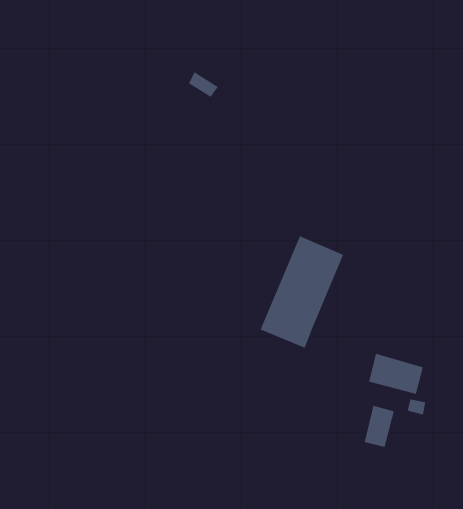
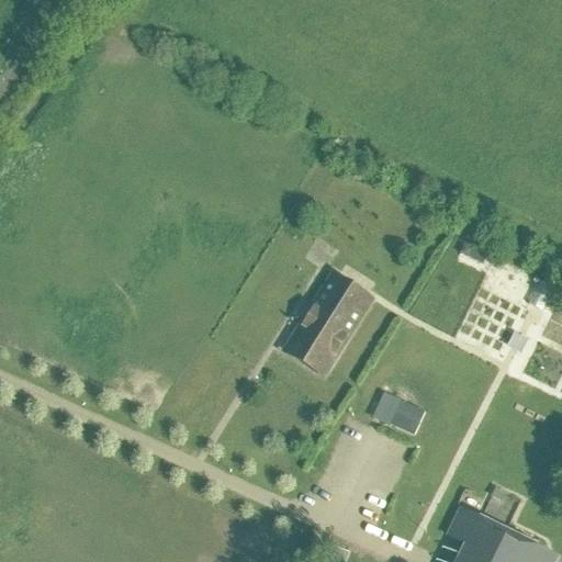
building: [364,405,395,448] -> none

